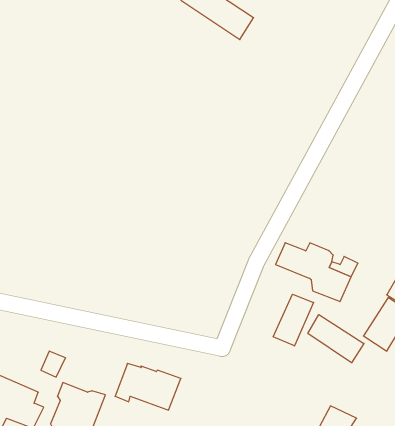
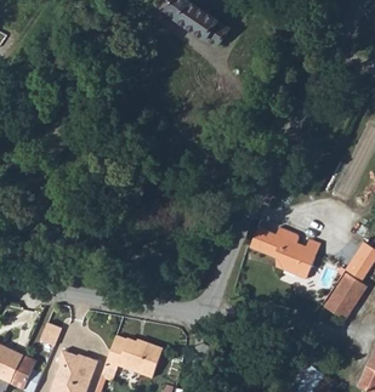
building: [273,294,314,346] -> none
building: [308,315,364,363] -> none

